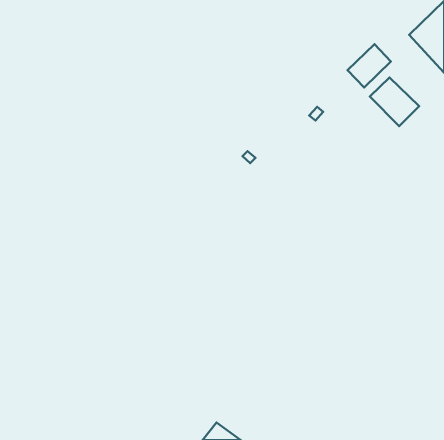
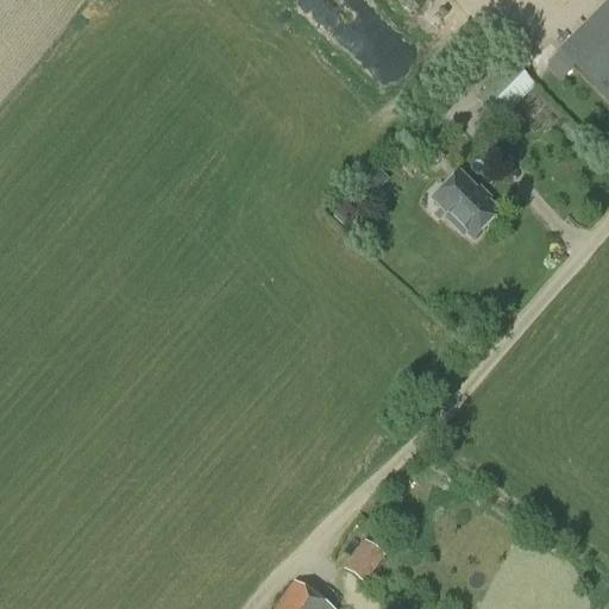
building: [370,77,419,126] -> [434,171,502,238]
building: none -> [344,539,385,583]

